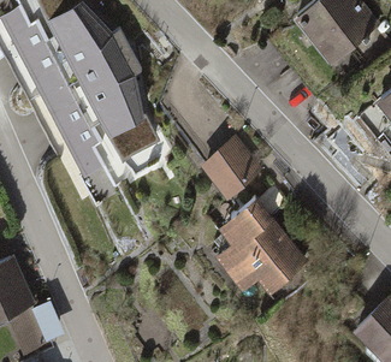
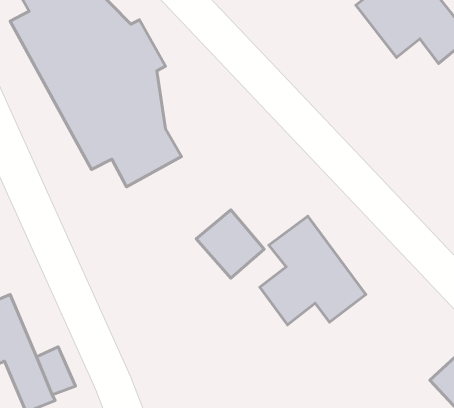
building: [206,142,262,198] -> [196,210,264,278]

